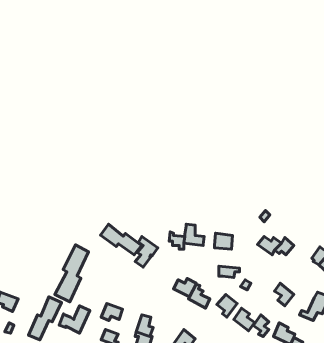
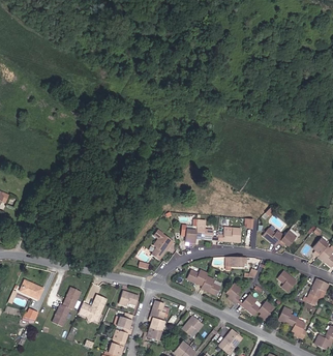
building: [101,224,142,255] -> none
building: [55,245,88,302] -> none

